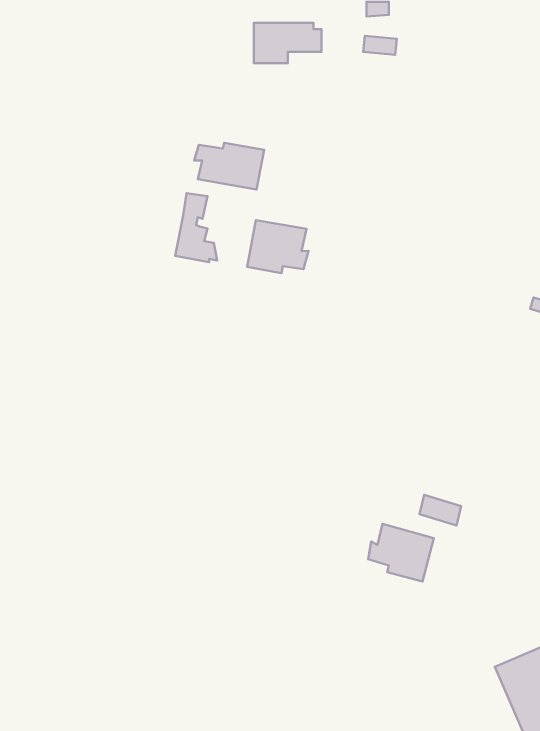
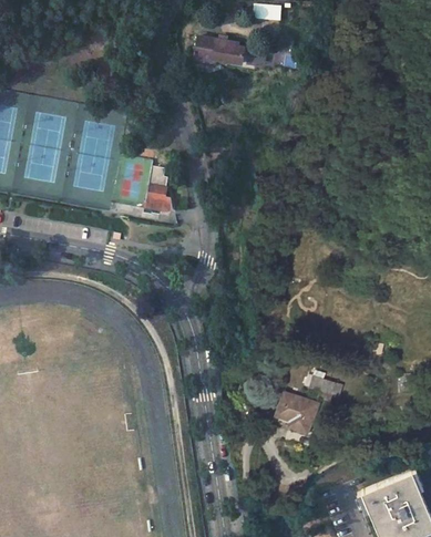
building: [194,143,264,189] -> none
building: [247,220,308,273] -> none

